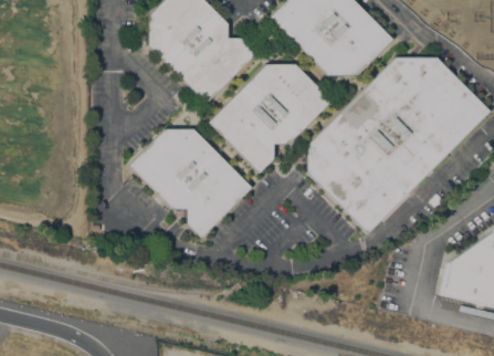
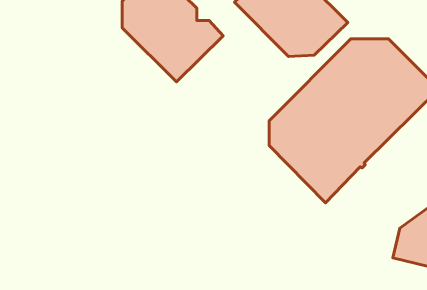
building: [209,64,332,174] -> none
building: [129,129,251,238] -> none

